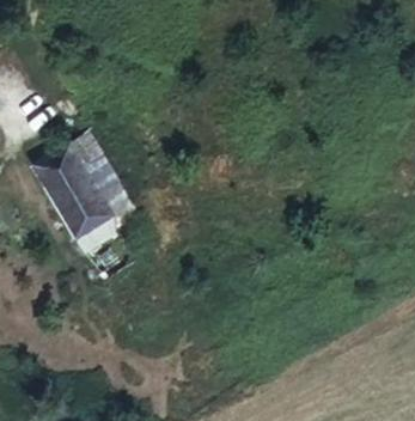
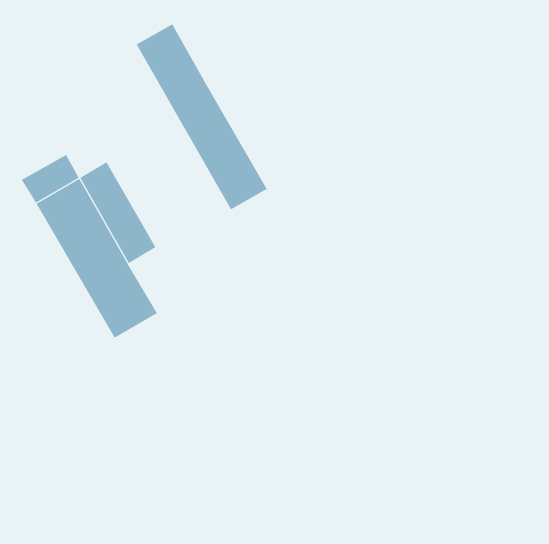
building: none -> [136,23,268,210]

